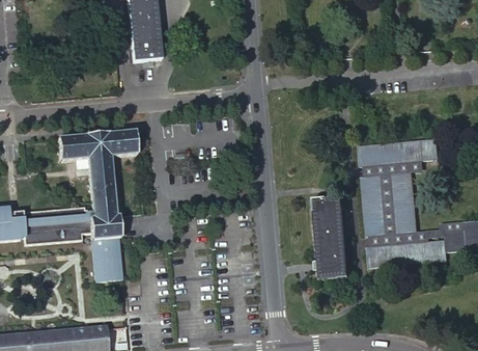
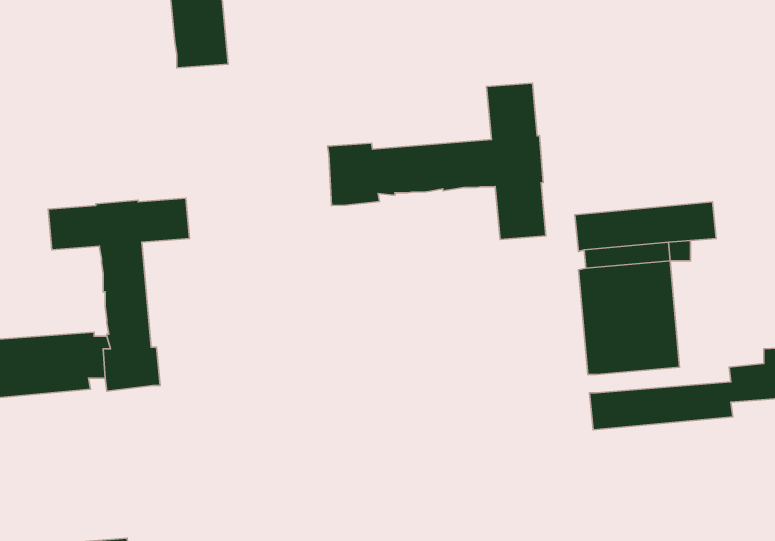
building: none -> [328,83,546,239]
building: [312,195,347,278] -> none
building: [370,220,465,245] -> none
building: [93,241,123,285] -> none

